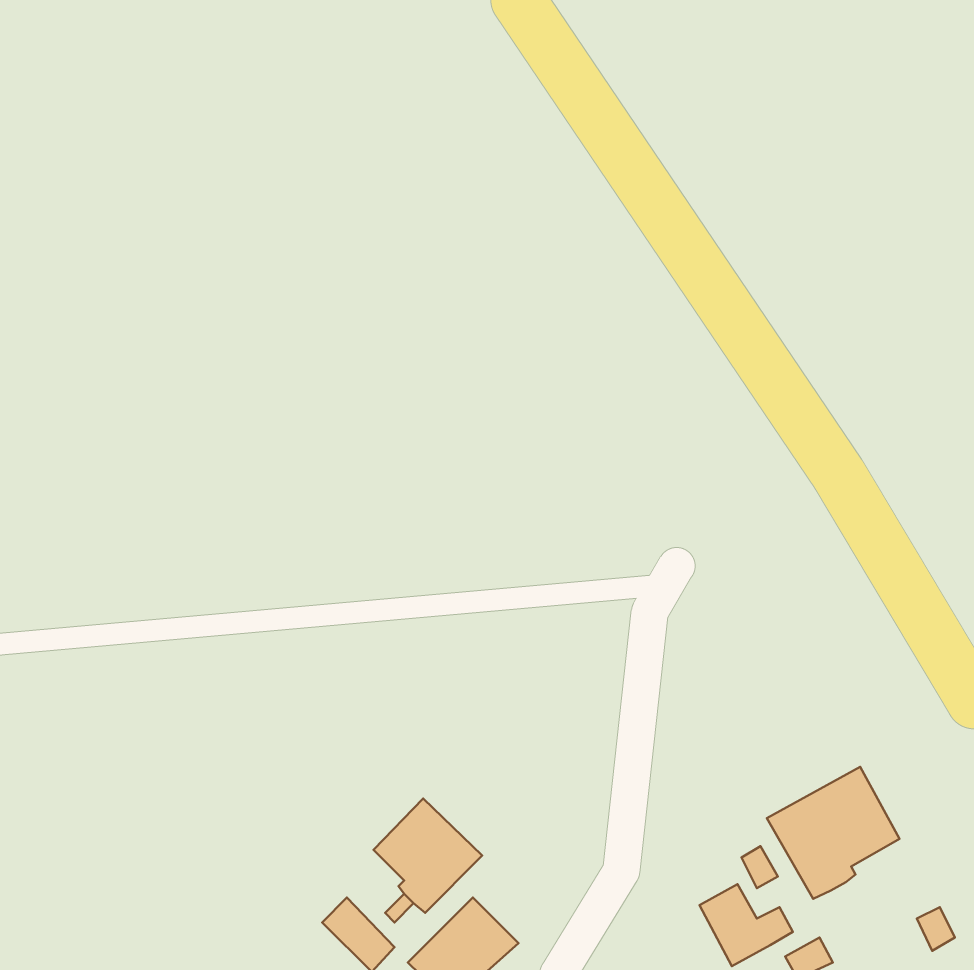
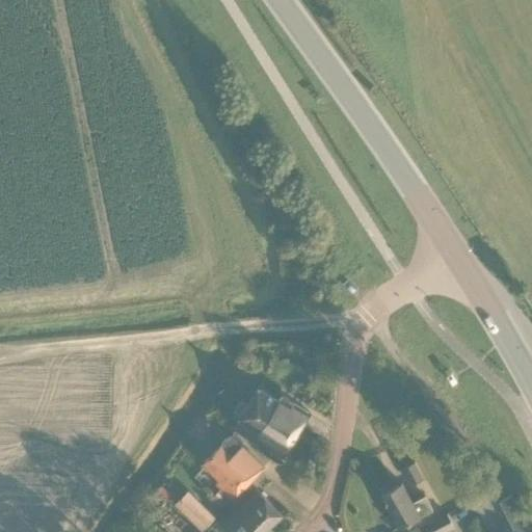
building: none -> [236,389,311,457]
building: [767,767,900,899] -> none

